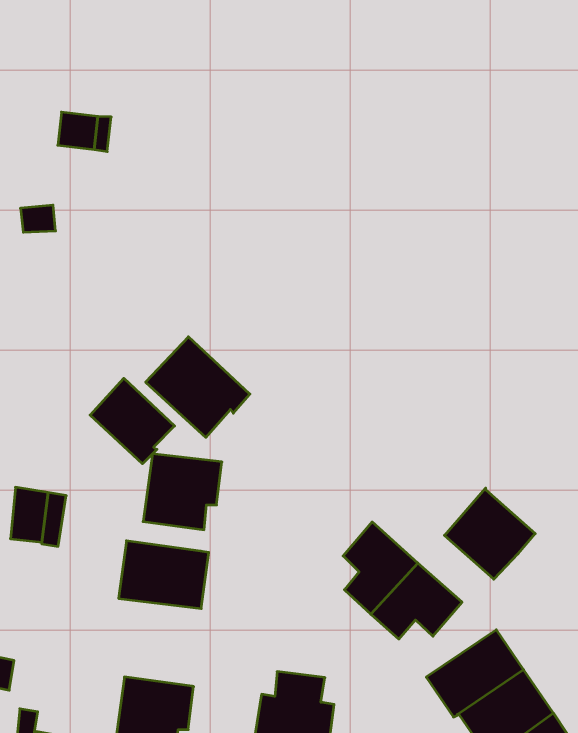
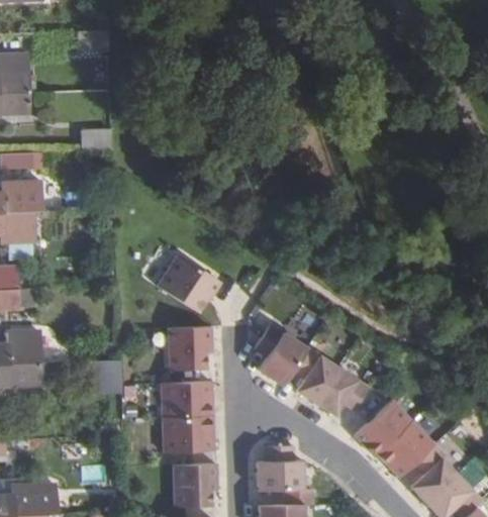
building: [90,378,175,464] -> none
building: none -> [255,323,307,385]
building: [444,488,535,579] -> none
building: none -> [163,415,214,451]

